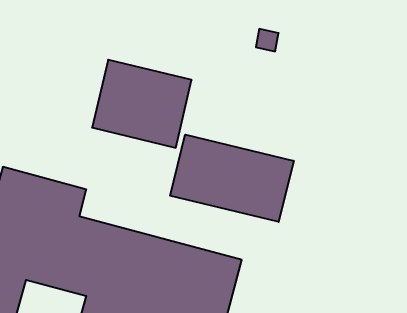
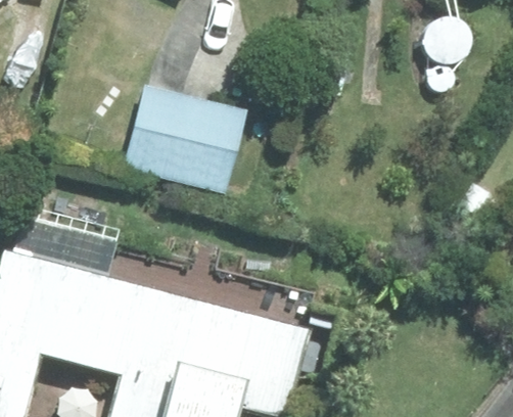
building: [170,135,294,222] -> none

